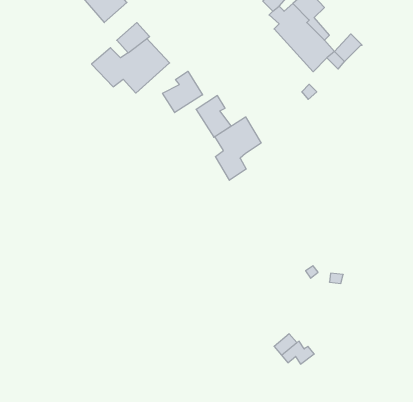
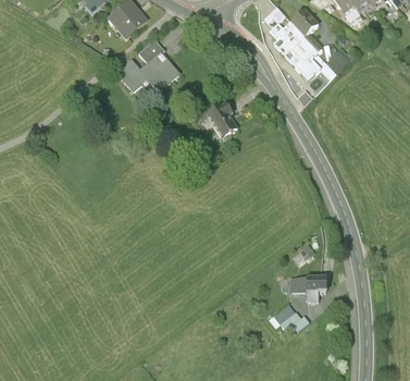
building: [163,71,203,113] -> none
building: [215,117,261,180] -> none
building: none -> [293,278,327,300]

